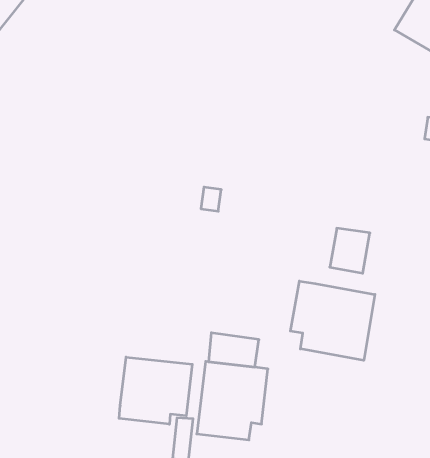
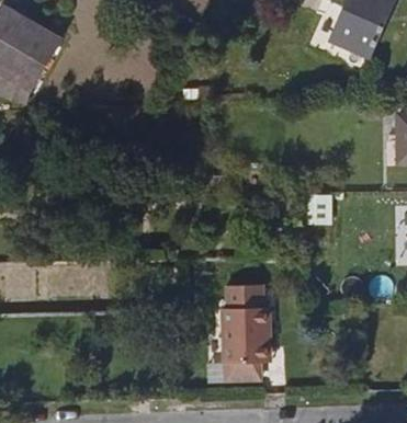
building: [290,281,375,360] -> none
building: [119,357,192,424] -> none

